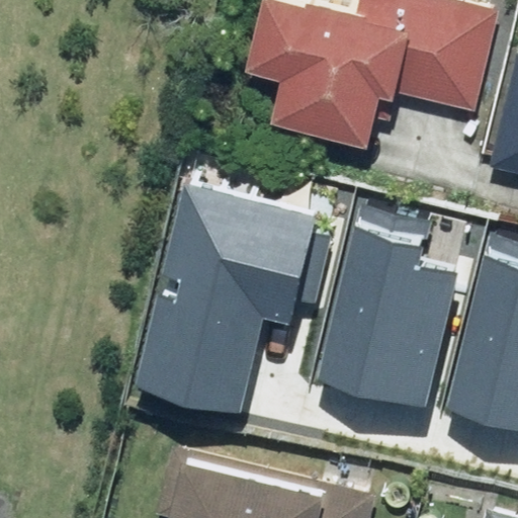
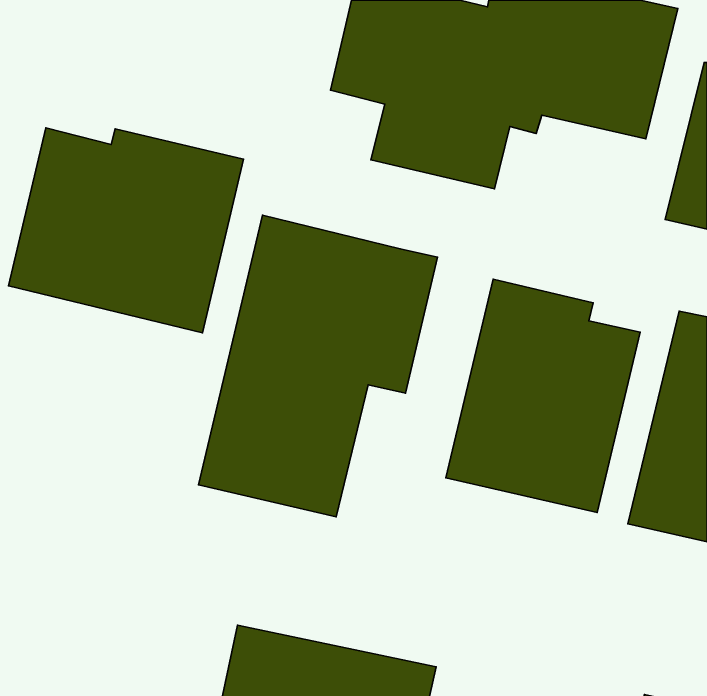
building: none -> [8,128,244,333]

